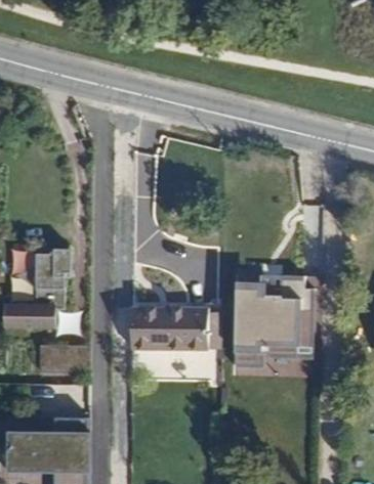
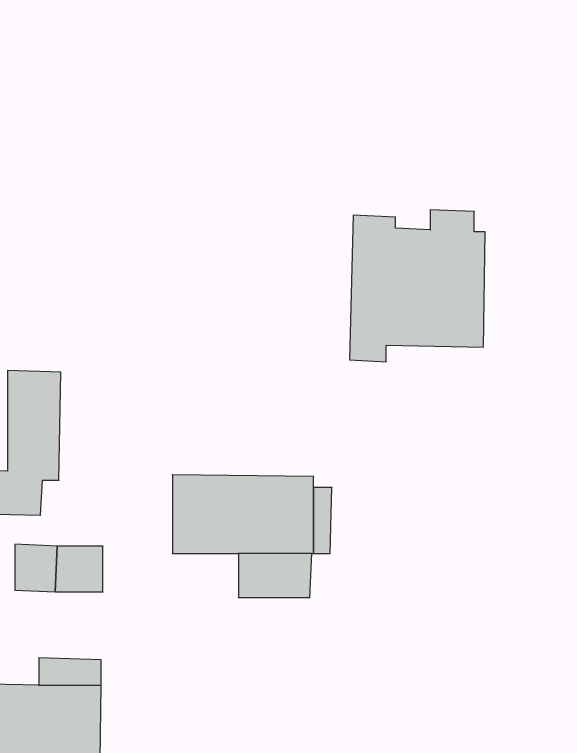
building: [233,281,308,366] -> [350,210,485,362]

